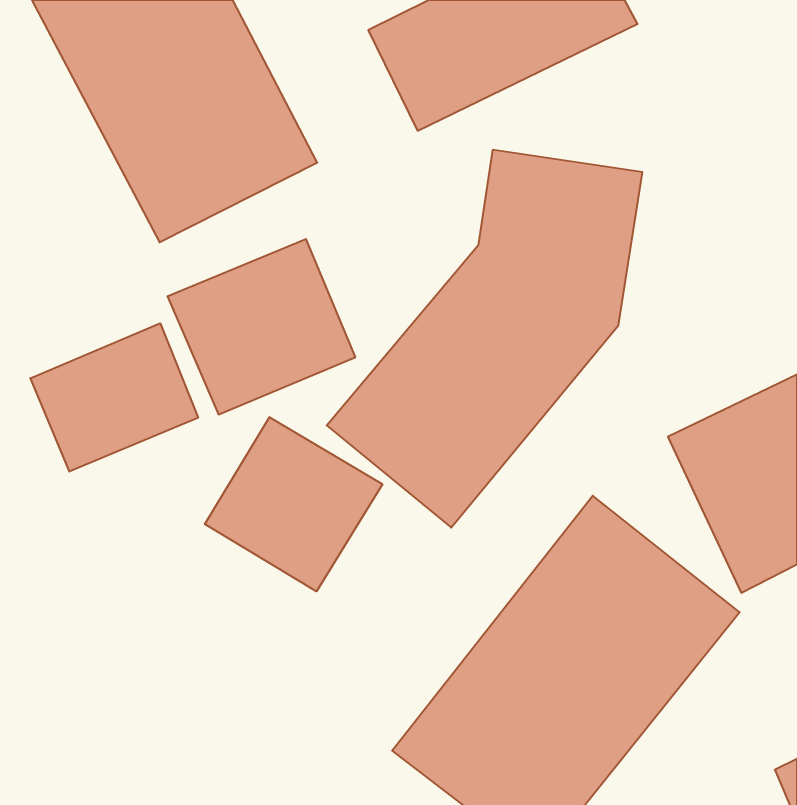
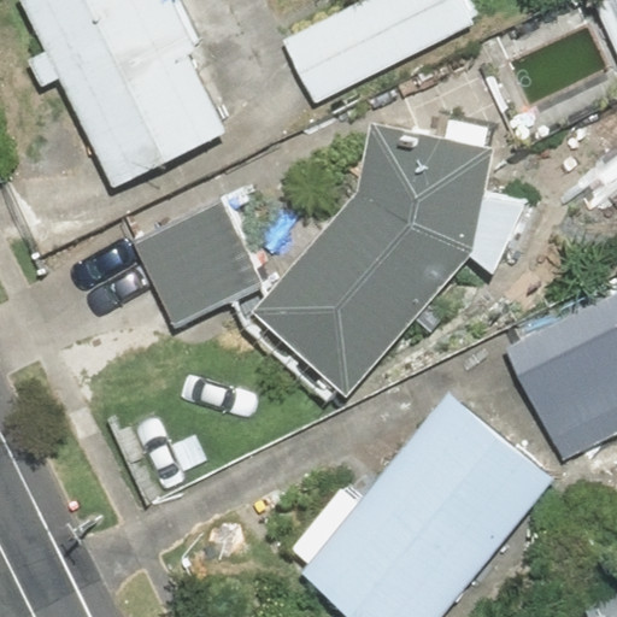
building: [30,323,198,472] -> none
building: [205,417,382,591] -> none

